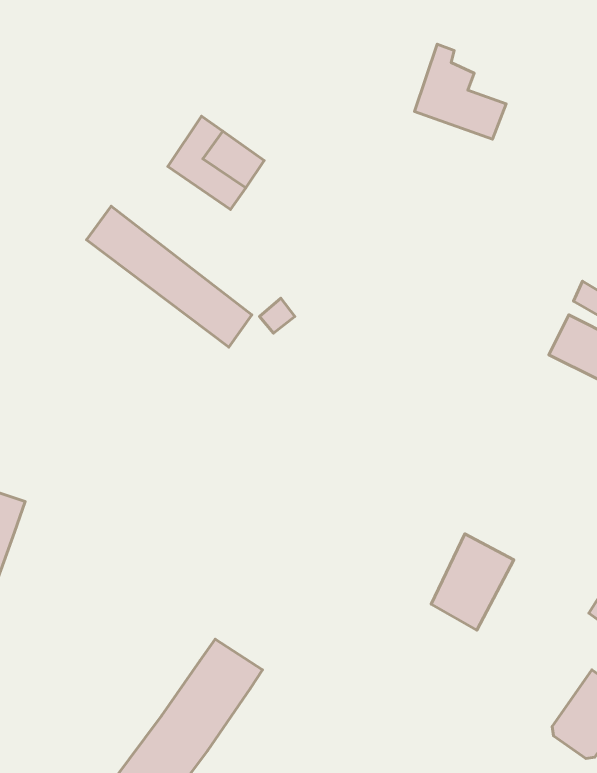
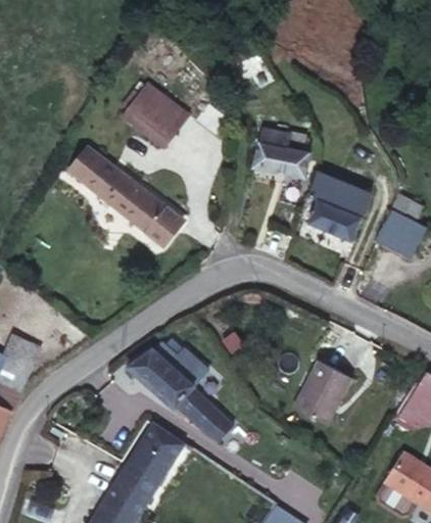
building: [414,44,506,139] -> [249,124,310,187]
building: none -> [310,177,373,245]
building: none -> [136,341,232,431]

